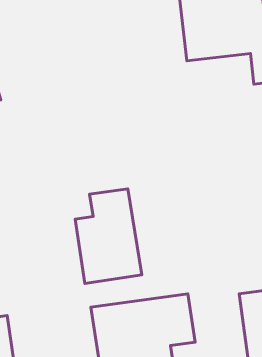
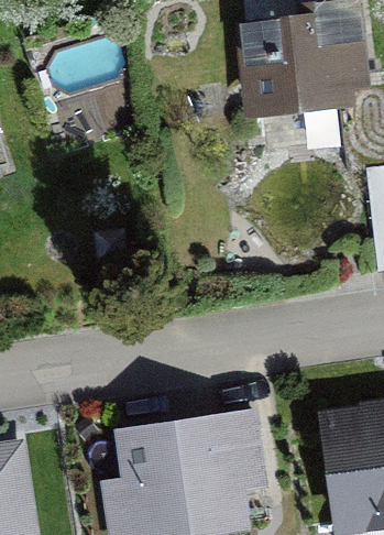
building: [75,189,142,283] -> none

